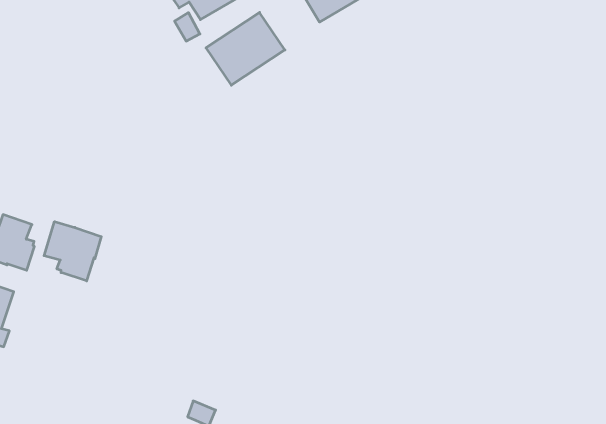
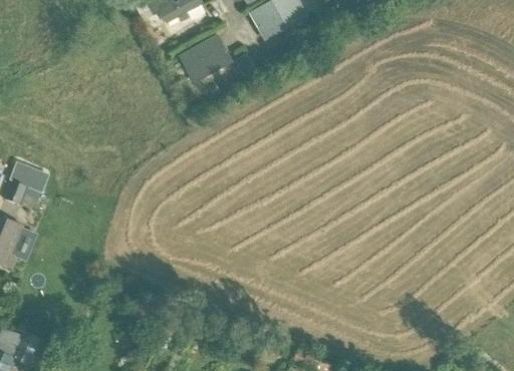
building: [44,222,101,281] -> none

